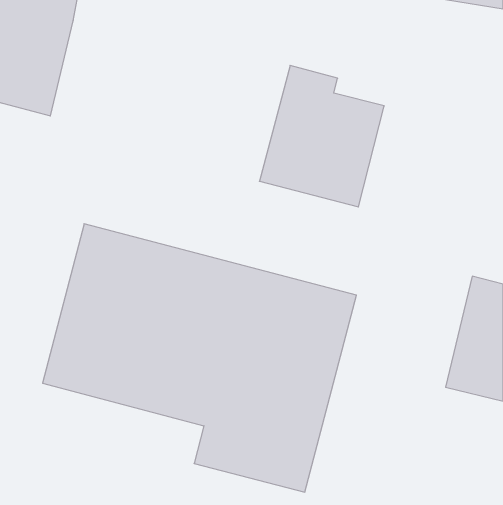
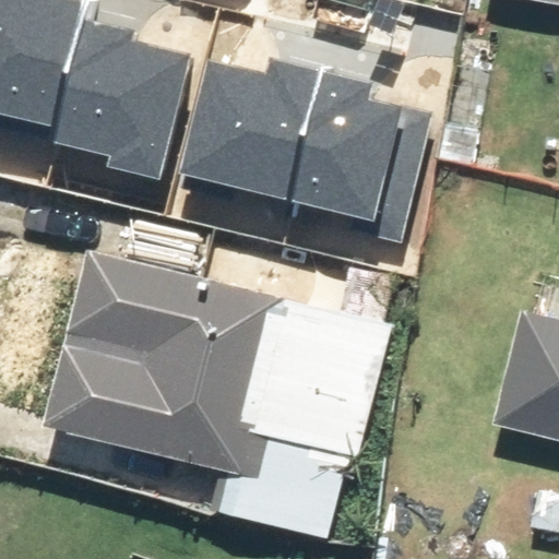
building: none -> [52,23,189,180]
building: none -> [179,59,320,200]

